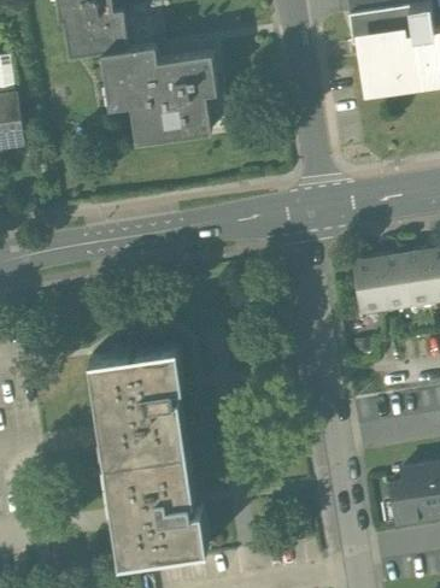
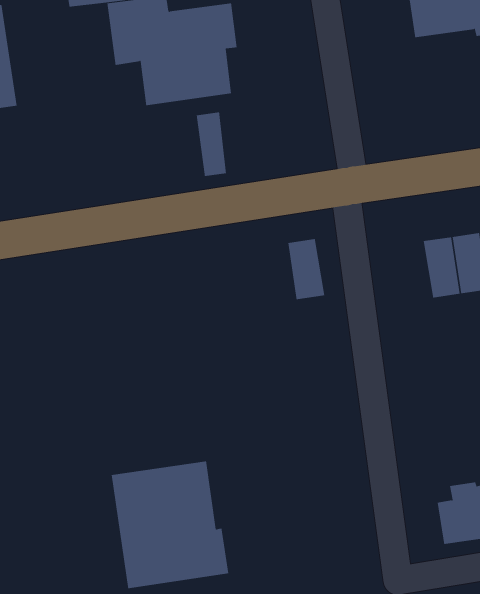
building: none -> [196,111,227,177]
building: [351,261,383,314] -> [288,239,325,300]
building: [90,351,188,464] -> none

